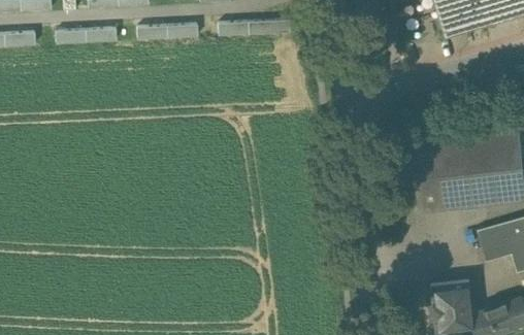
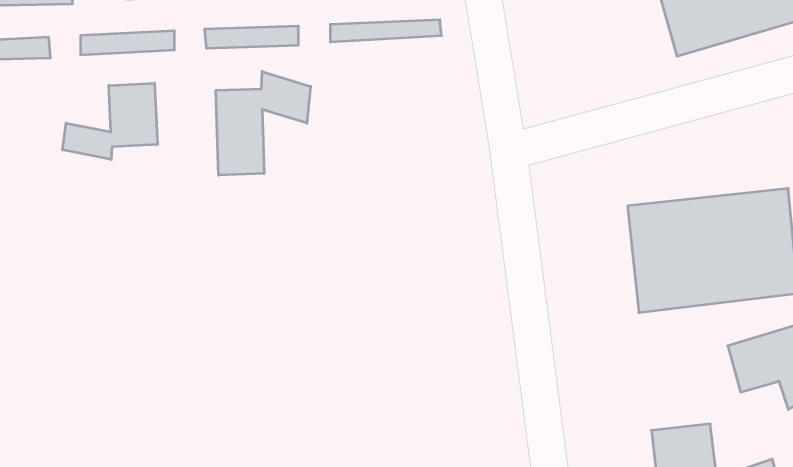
building: none -> [216,71,311,175]
building: none -> [63,83,157,160]

